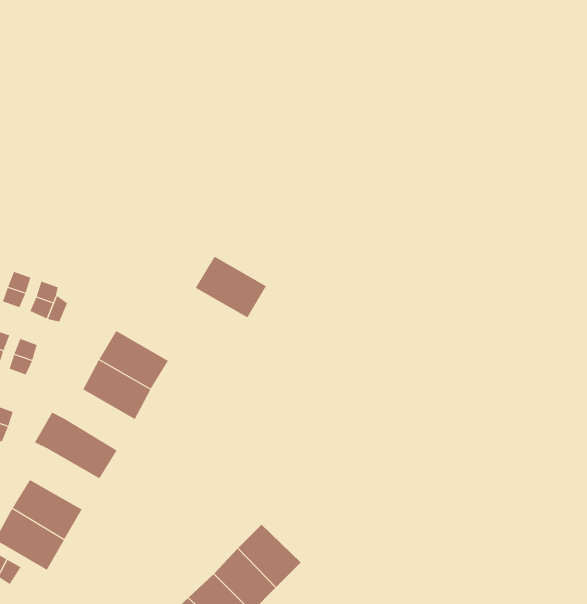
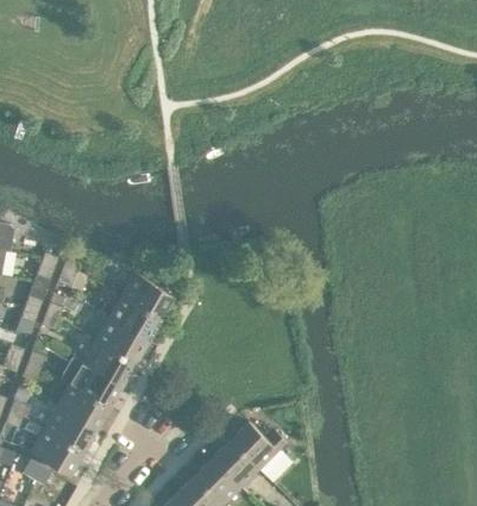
building: [195,256,267,318] -> [120,273,174,319]
building: none -> [82,341,134,386]
building: none -> [56,385,108,430]
building: none -> [228,421,285,469]

